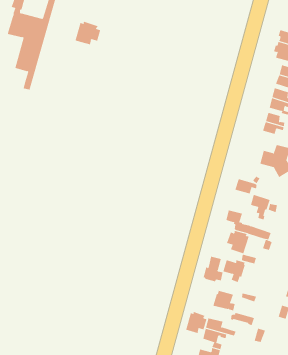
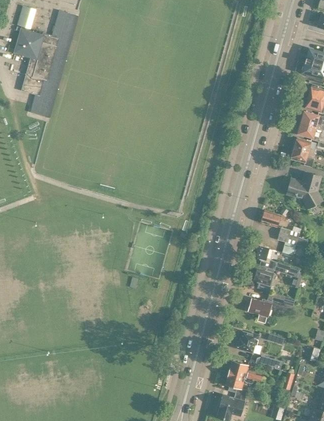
building: [75,21,101,45] -> none
building: [203,256,223,282] -> none
building: [185,311,207,334] -> none

